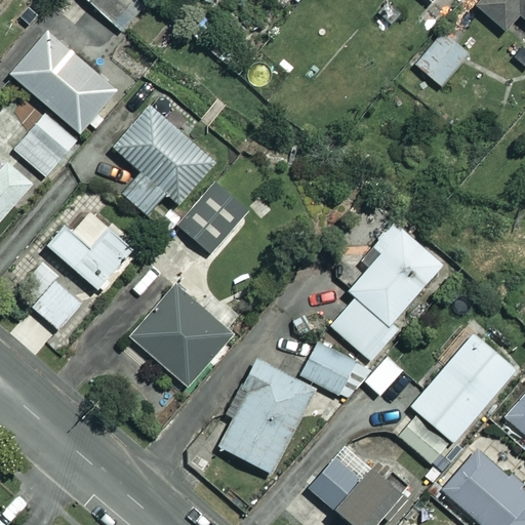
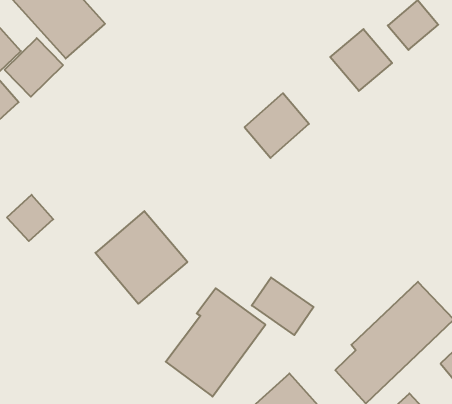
building: none -> [330,29,392,91]
building: [113,105,214,215] -> none
building: [180,187,248,256] -> [245,93,309,158]
building: [44,203,130,286] -> none
building: [329,224,443,361] -> none

